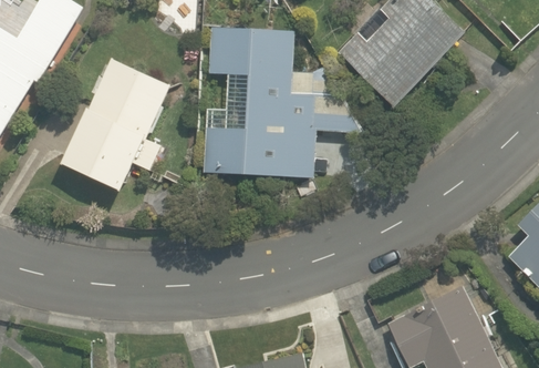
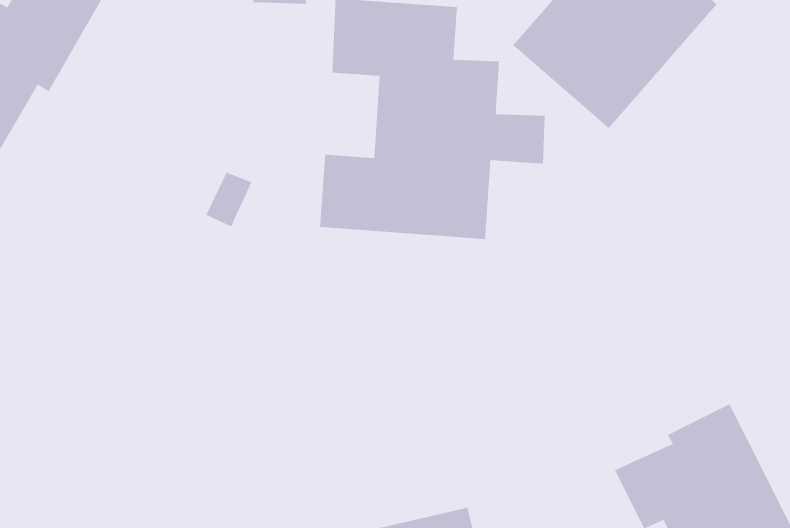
building: [50,61,166,211] -> none

